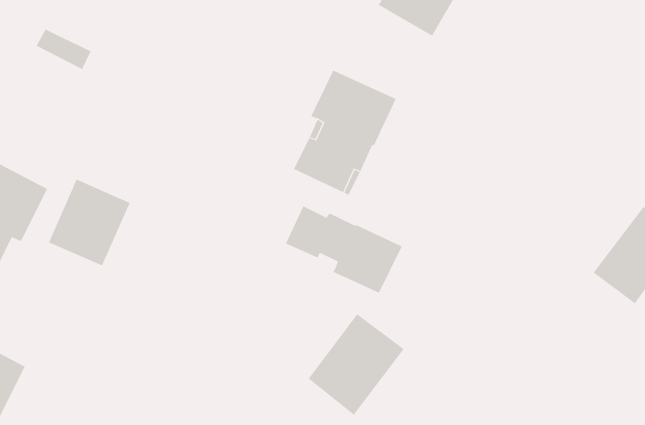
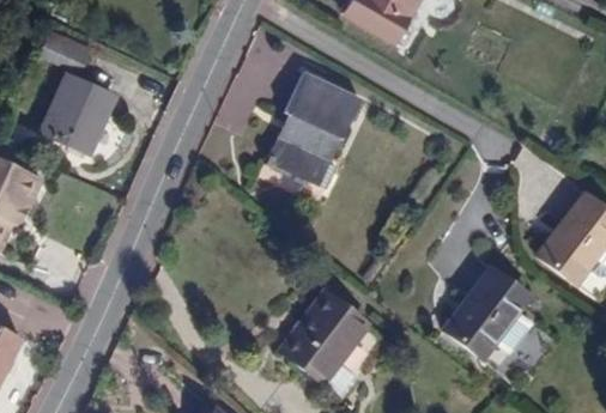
building: [48,179,130,266] -> [40,75,114,154]
building: [285,206,402,294] -> none
building: none -> [443,268,531,359]

